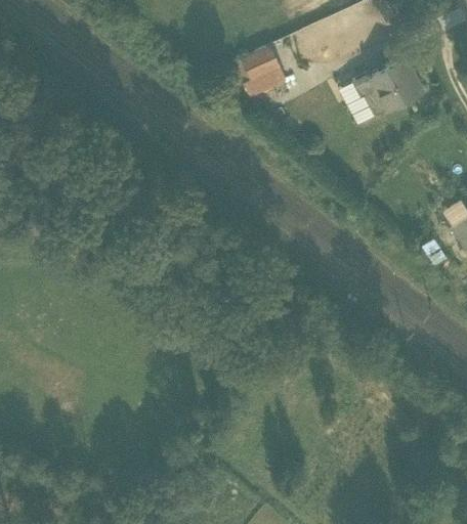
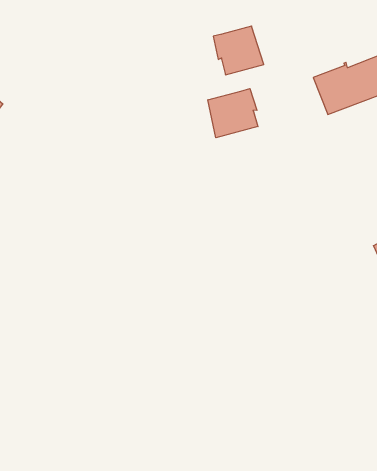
building: none -> [208,89,258,138]

